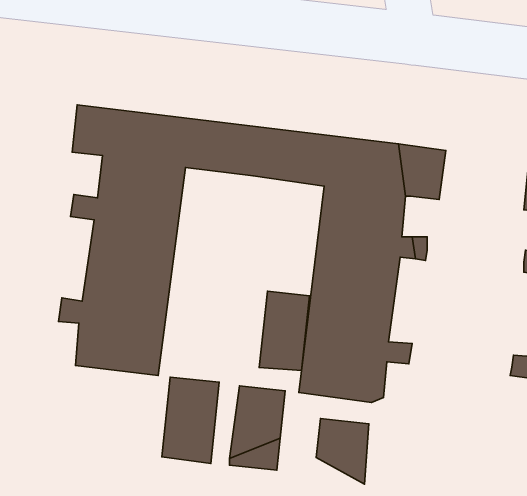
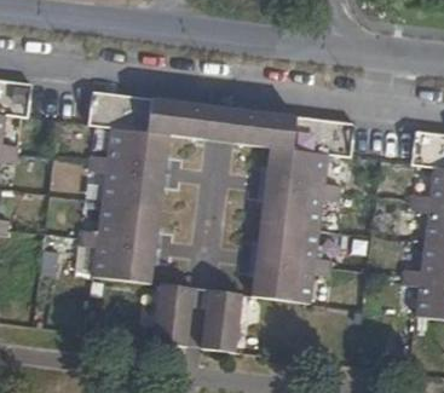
building: [259,291,310,371] -> none
building: [316,419,369,484] -> none

